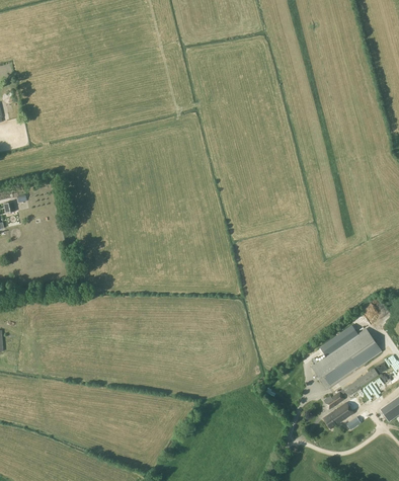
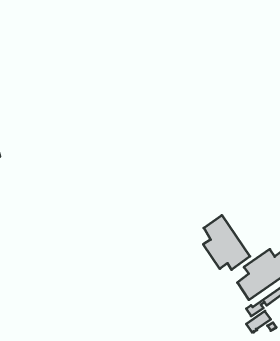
building: none -> [203,215,250,270]

